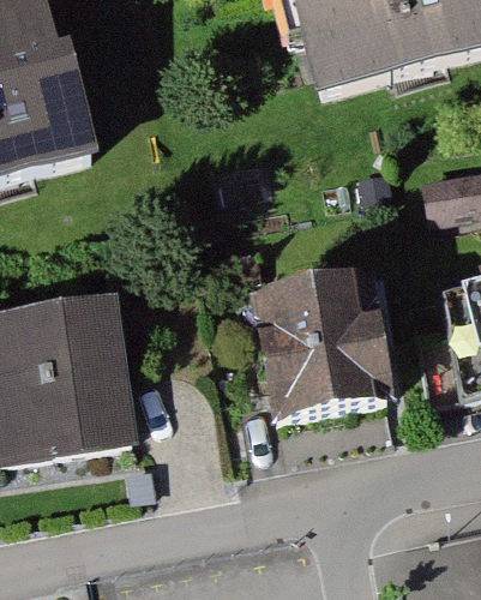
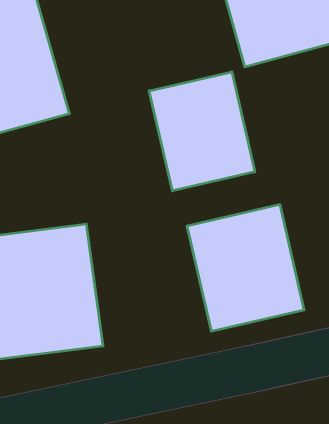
building: none -> [149,72,255,191]

